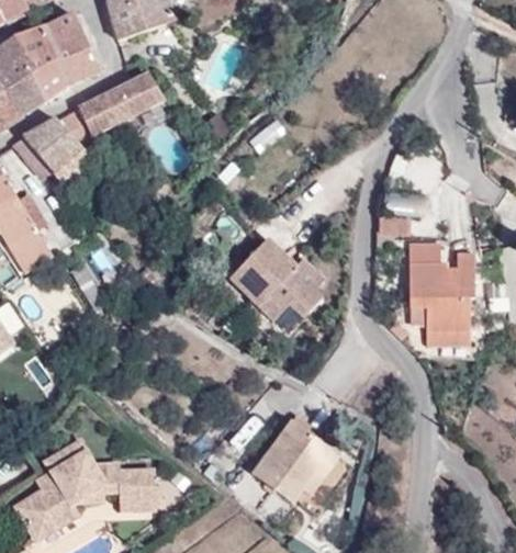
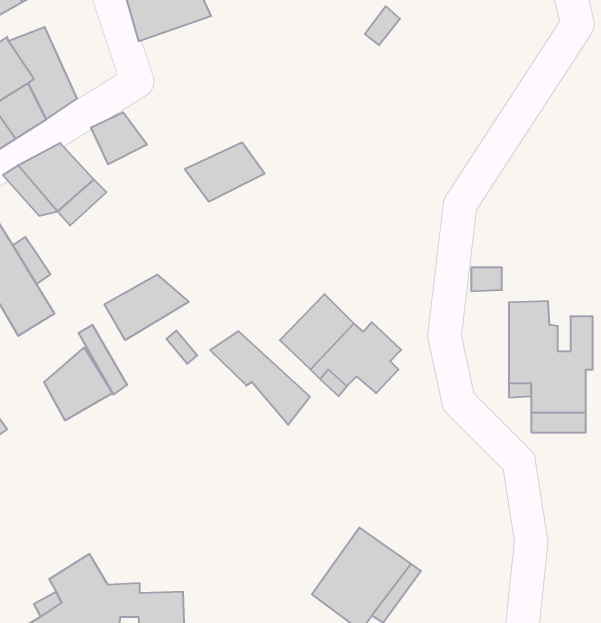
building: [43,13,98,83] -> none
building: [104,74,167,120] -> [185,143,265,201]
building: none -> [104,275,189,340]
building: none -> [210,331,310,425]
building: none -> [44,347,112,421]

